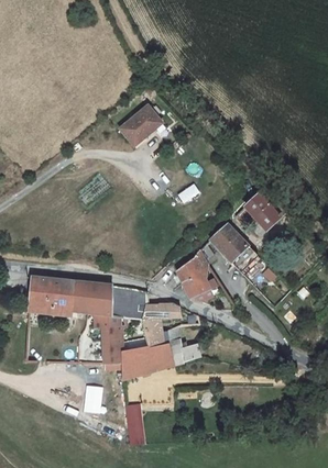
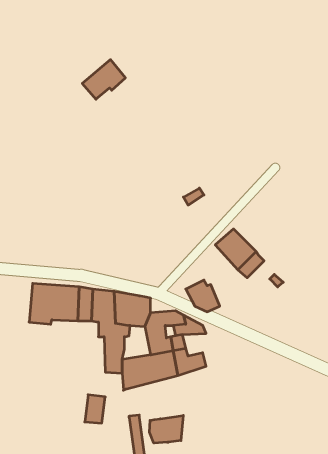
building: [120,108,162,146] -> [82,60,125,99]
building: [244,193,286,227] -> none
building: [176,249,210,281] -> none
building: none -> [149,415,183,443]

